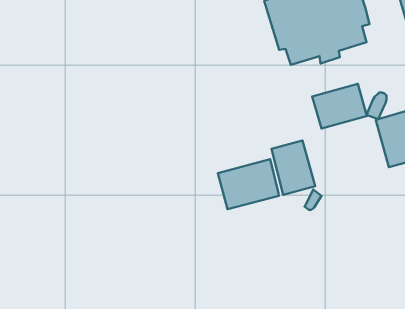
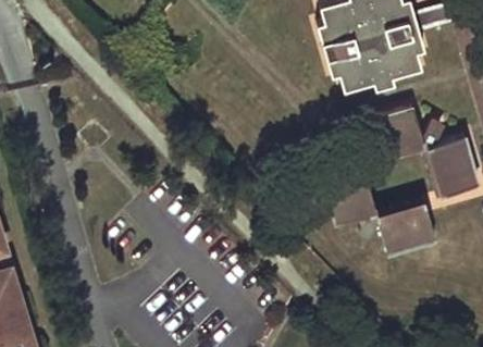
building: [218,159,279,209] -> none
building: none -> [379,208,435,252]

